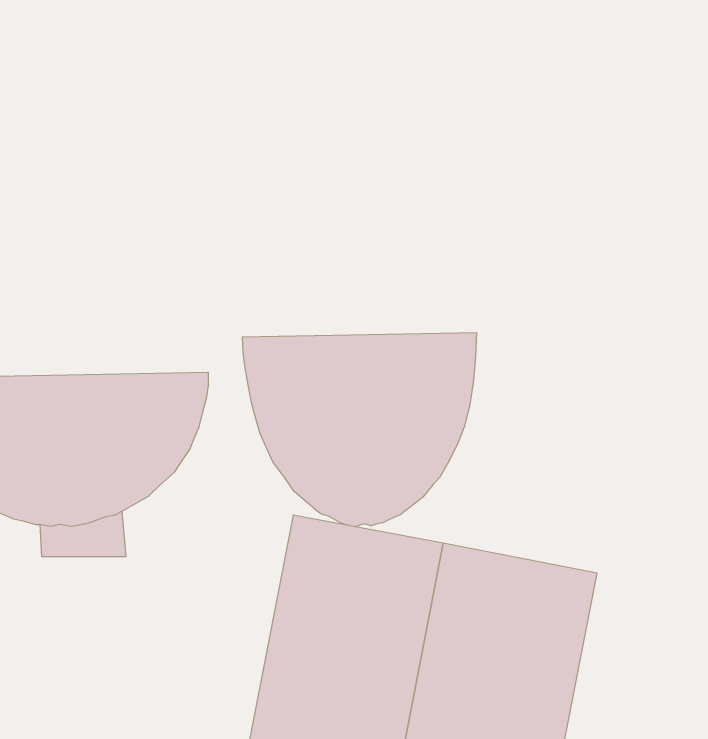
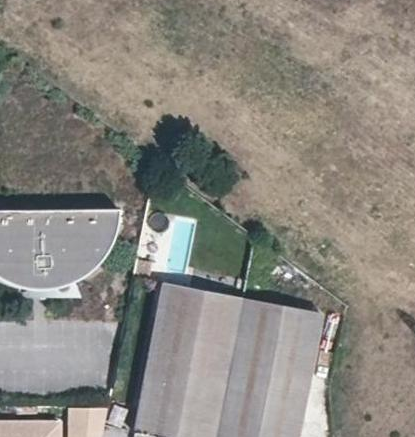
building: [243,333,476,527] -> none

